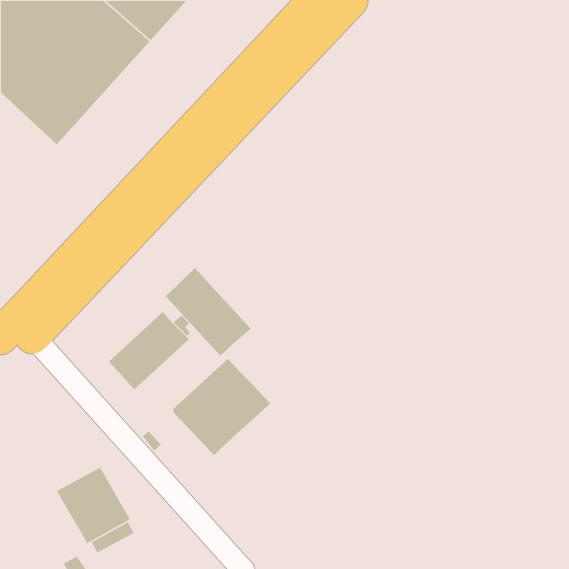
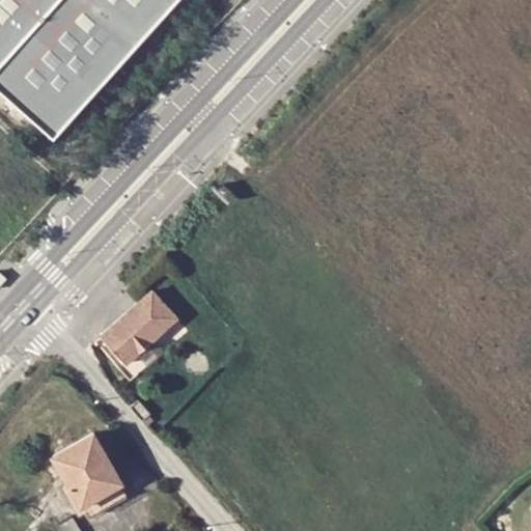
building: [165,267,252,357] -> none
building: [172,358,271,456] -> none

